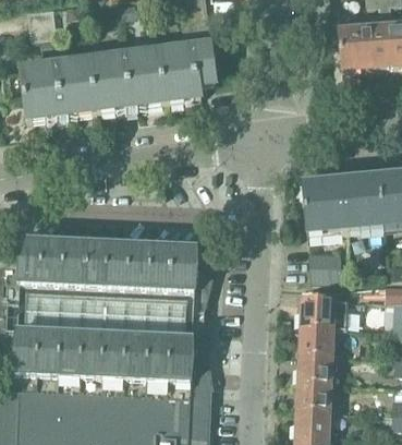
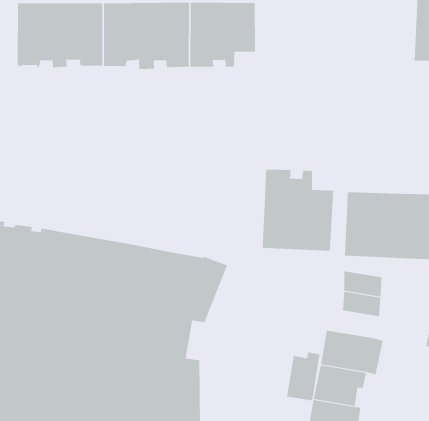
building: none -> [262,169,334,251]
building: none -> [287,351,320,401]

